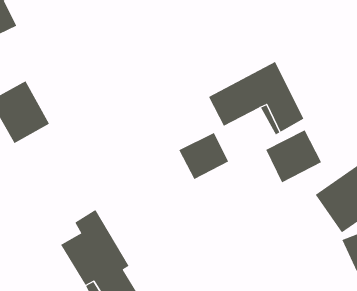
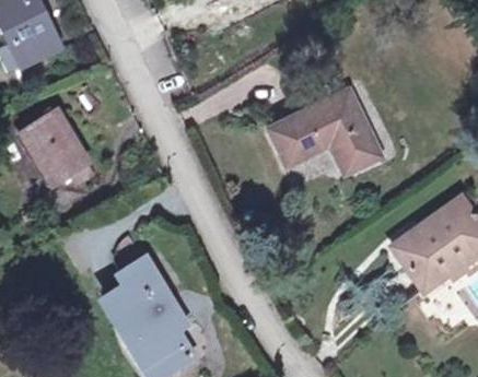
building: [265,129,322,183] -> none
building: [179,132,229,180] -> none

